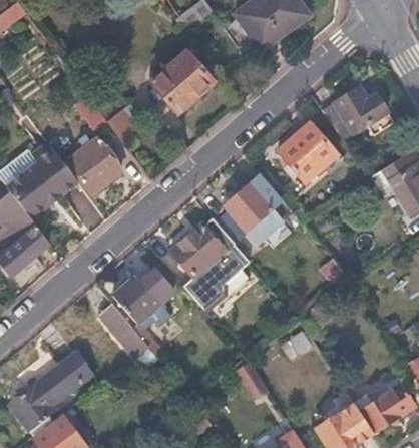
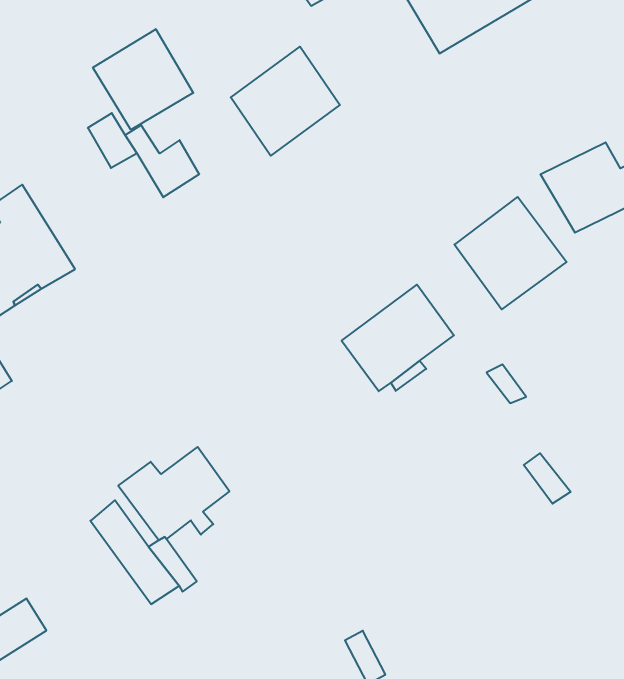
building: none -> [93,29,193,130]
building: [67,141,120,195] -> none
building: [171,220,251,305] -> none

